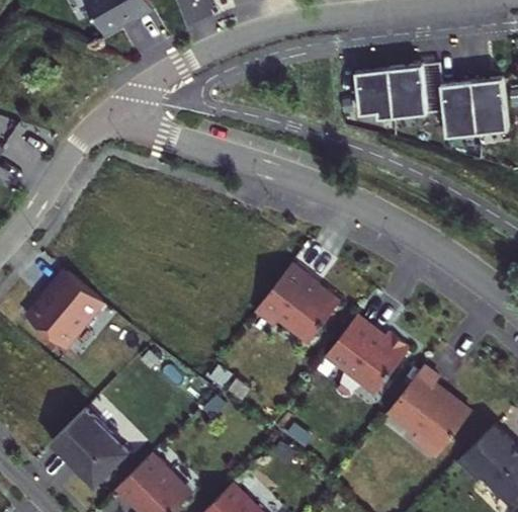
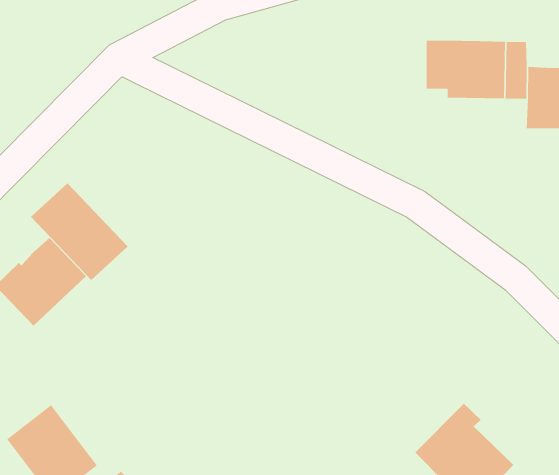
building: none -> [30,182,128,281]
building: [254,263,340,341] -> none
building: [328,319,410,392] -> none

